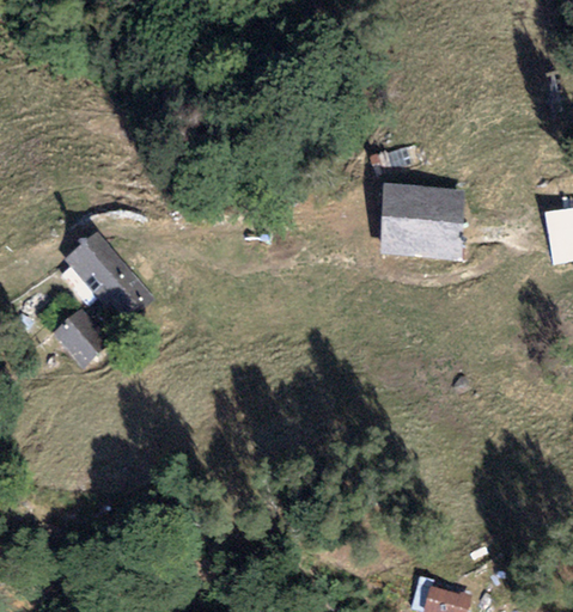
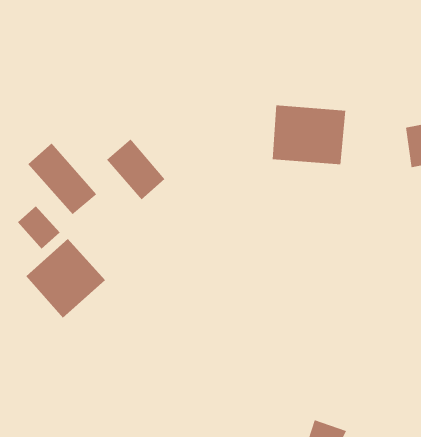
building: none -> [106,138,165,200]
building: none -> [26,238,106,318]

